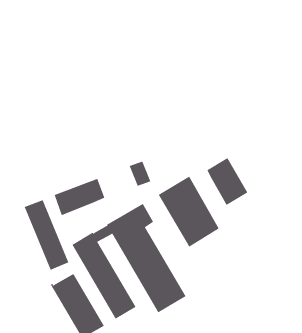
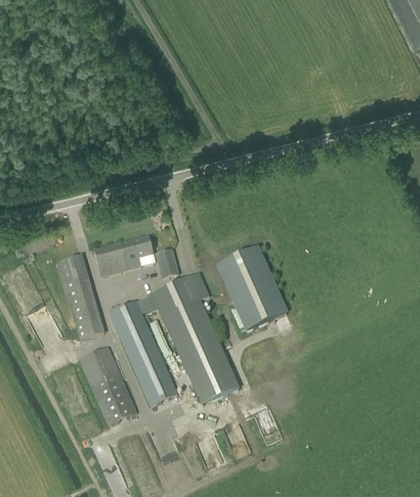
building: [207,157,248,206] -> none
building: [129,161,151,187] -> [155,247,179,277]

